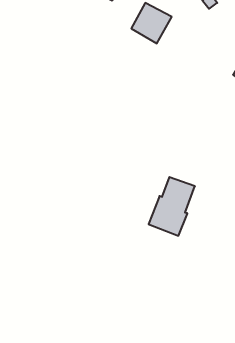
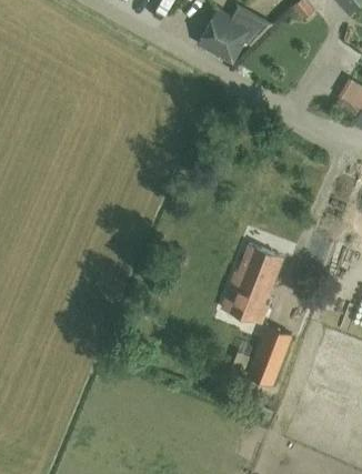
building: none -> [247,324,292,385]

